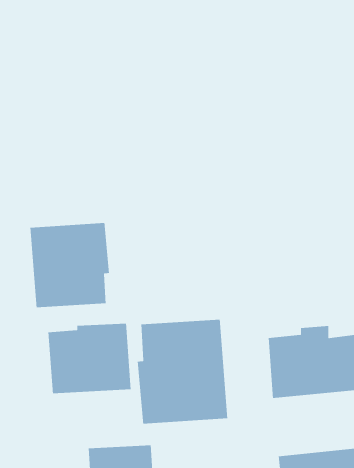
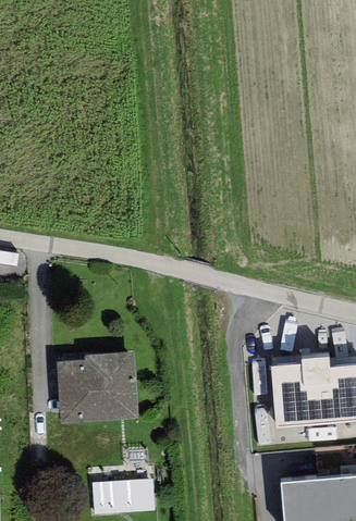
building: [30,222,110,308] -> none
building: [137,319,228,424] -> none

